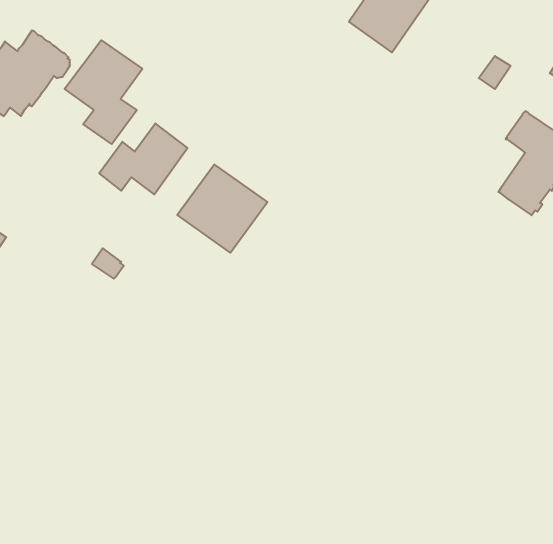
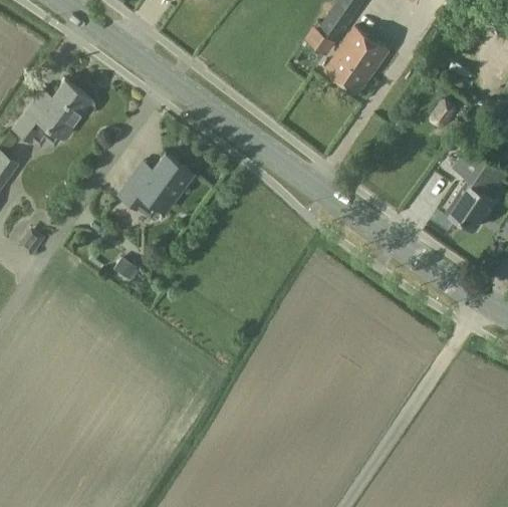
building: [65,40,142,144] -> none
building: [177,164,267,253] -> none

